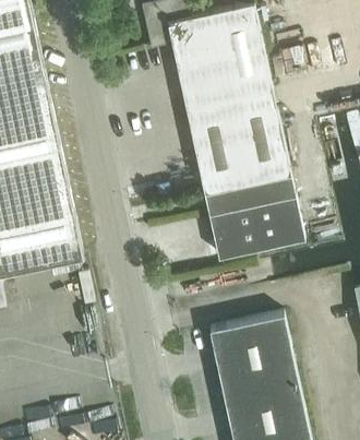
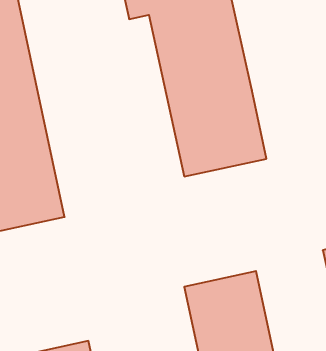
building: [209,197,305,260] -> none

